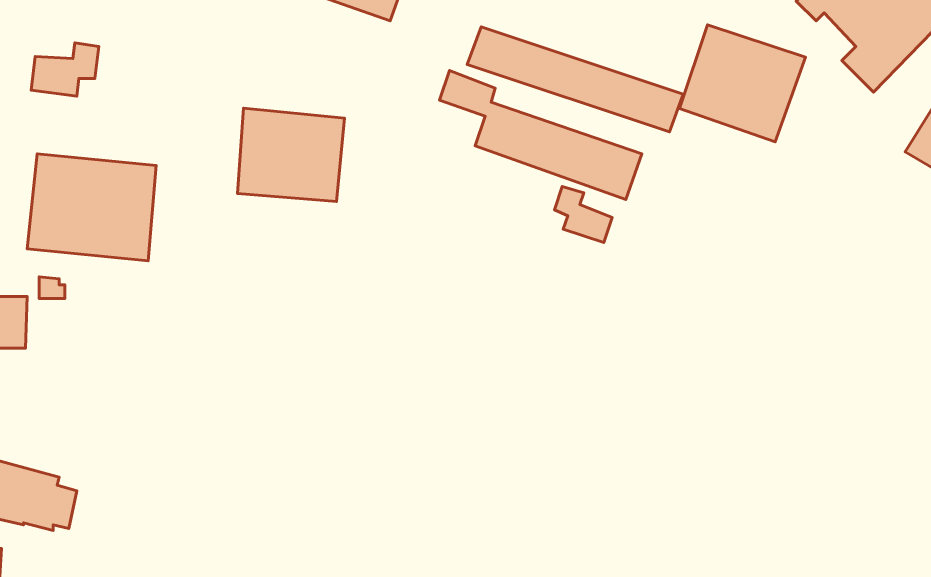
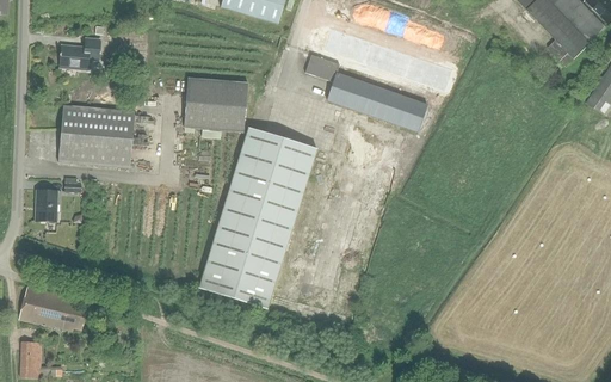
building: [679,25,806,142] -> none
building: [554,186,612,242] -> none
building: none -> [198,127,317,309]

